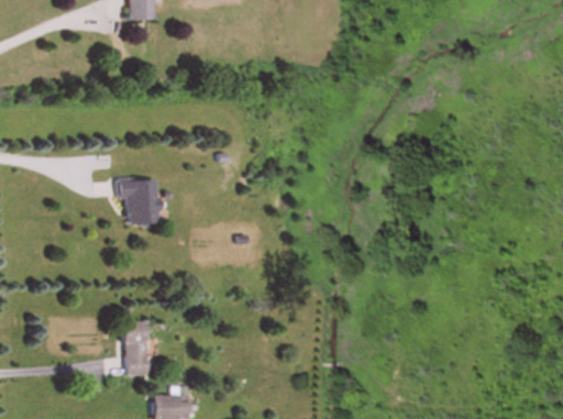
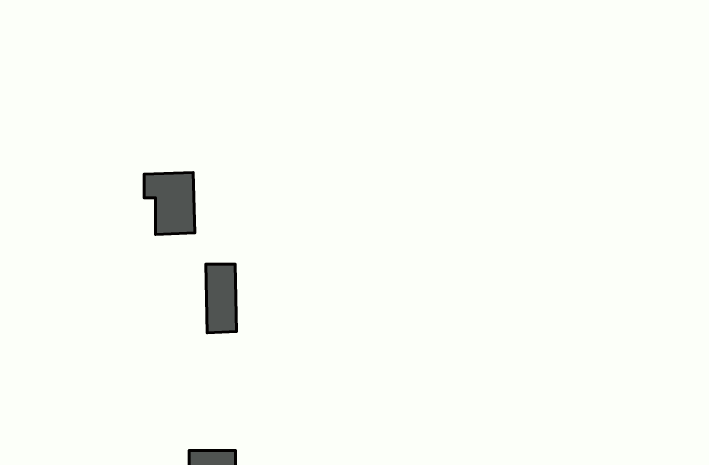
building: [123,321,147,375] -> [206,264,237,333]

